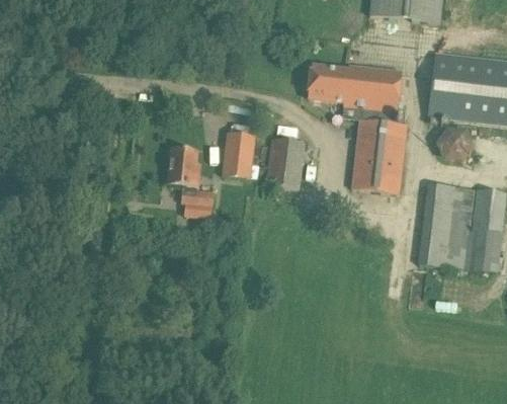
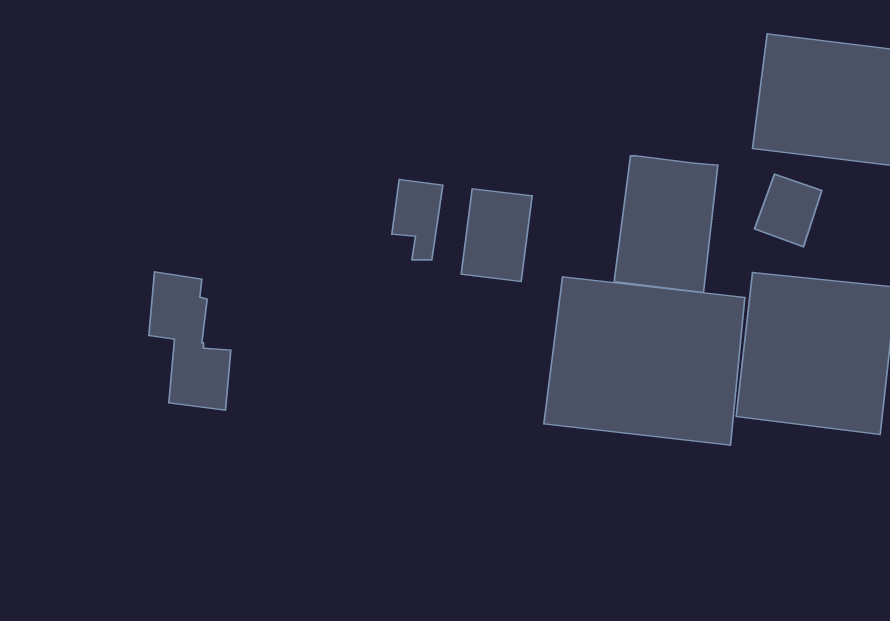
building: [310,64,403,123] -> none
building: [169,148,215,225] -> [149,272,231,410]
building: none -> [544,277,745,445]

